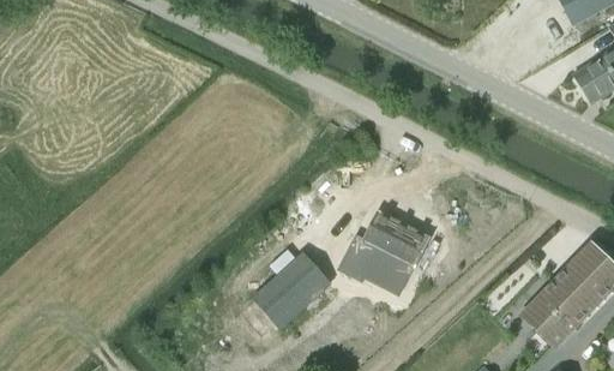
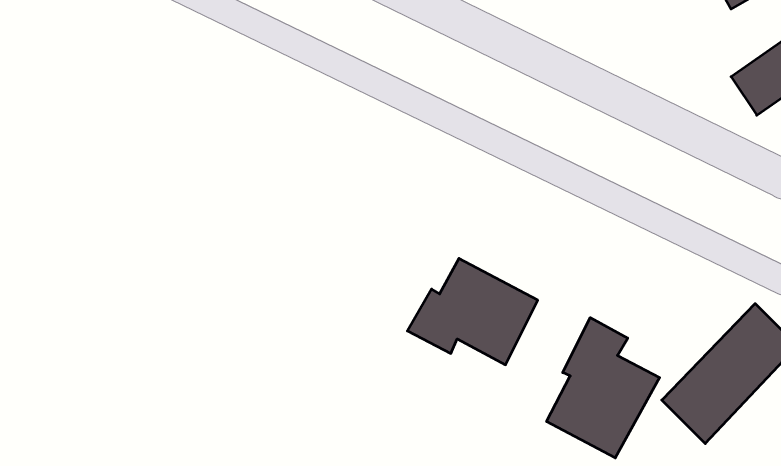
building: none -> [547,318,660,458]
building: [253,253,331,328] -> none

